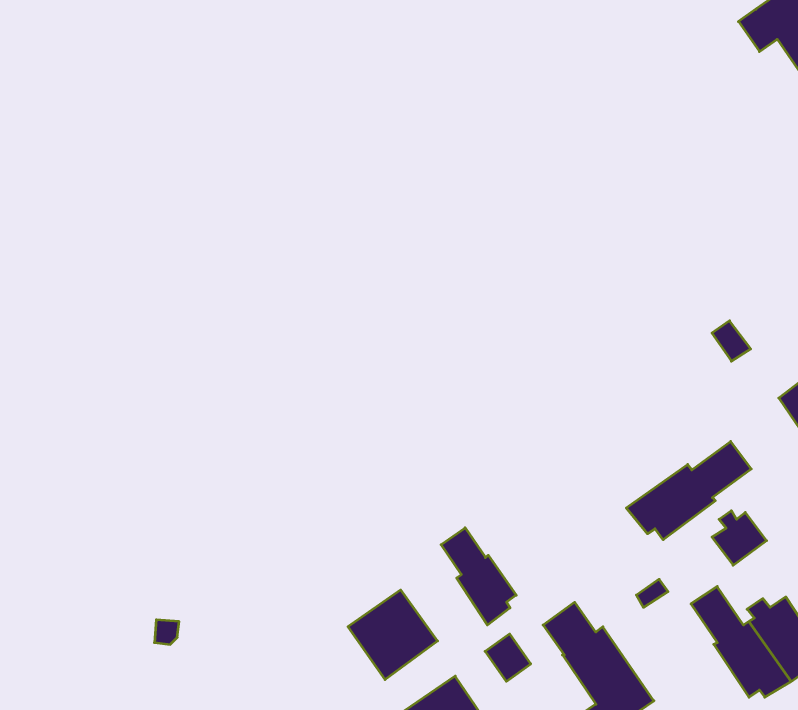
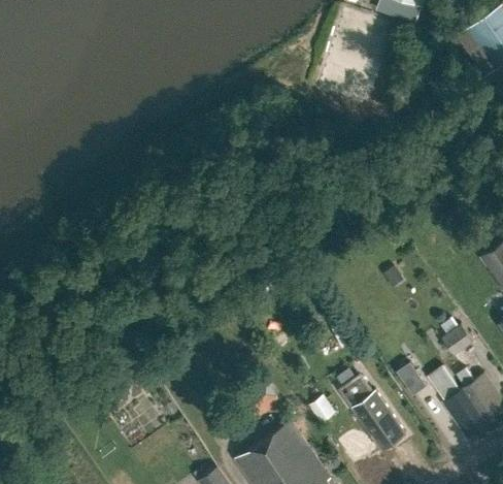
building: [626,441,751,540] -> none
building: [441,528,516,625] -> none

